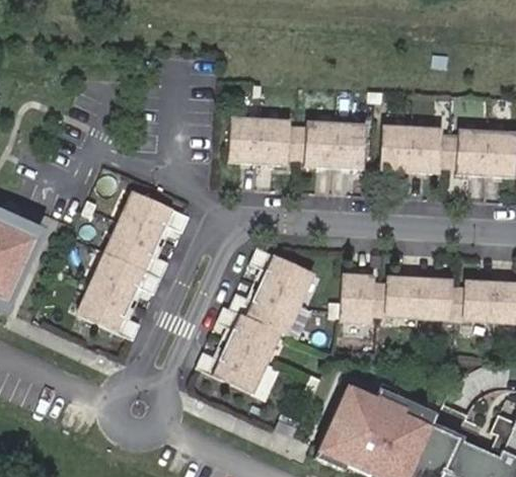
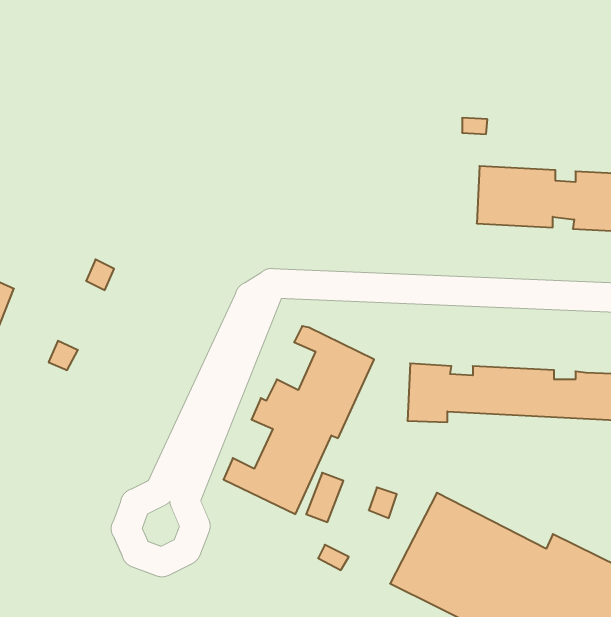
building: [233,121,367,170] -> none
building: [76,192,197,344] -> none

